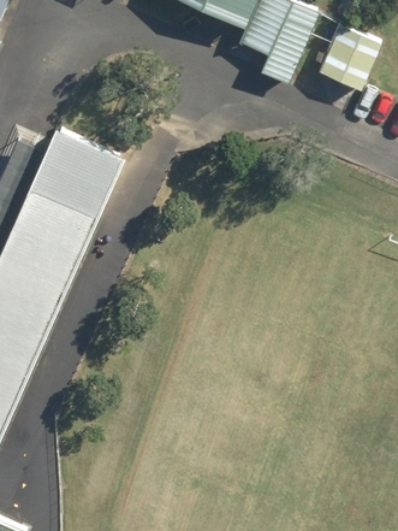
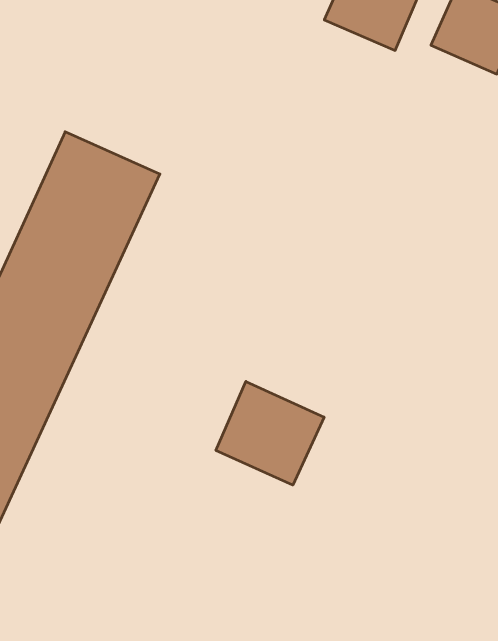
building: none -> [216,381,324,485]

